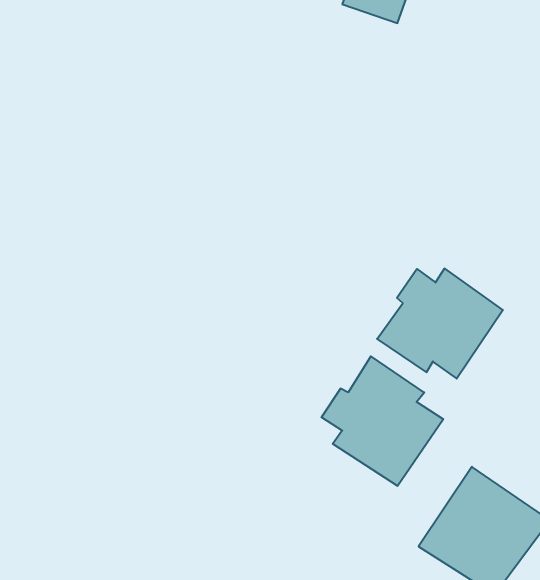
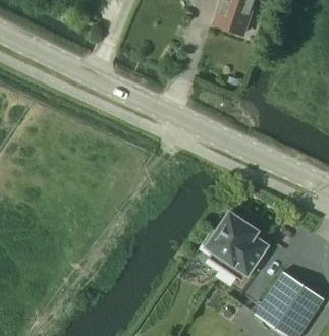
building: [377,268,503,379] -> none

